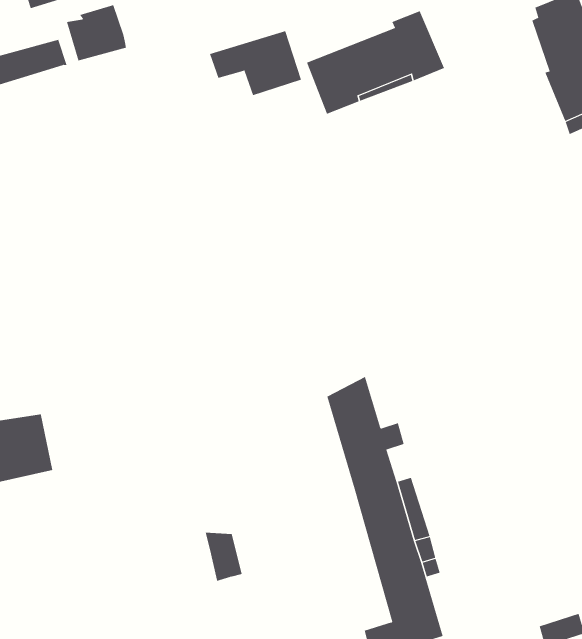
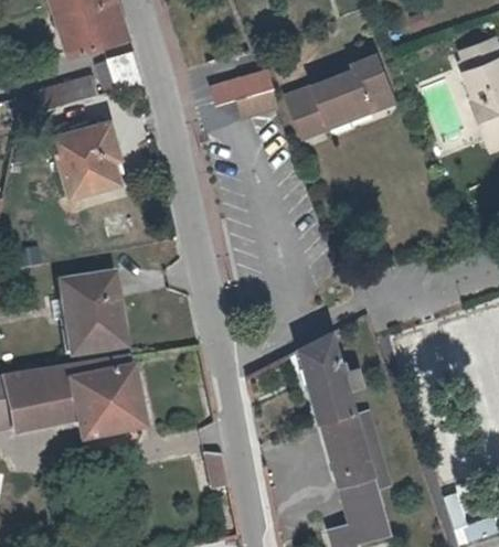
building: none -> [56,122,128,195]
building: none -> [55,274,131,354]
building: none -> [79,356,145,435]

